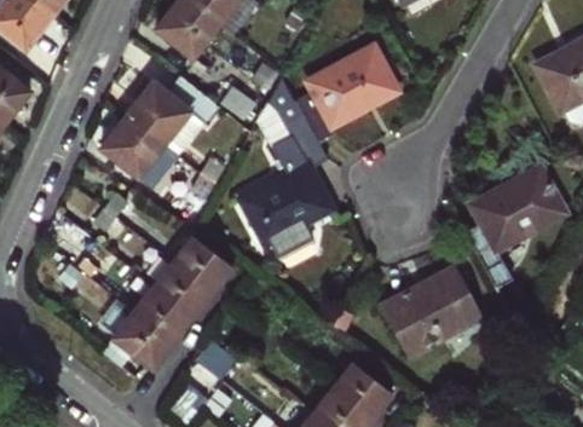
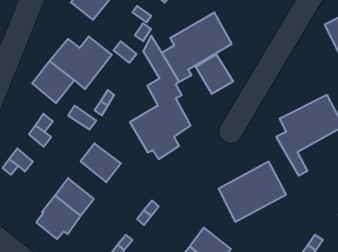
building: none -> [196,54,233,94]
building: [155,264,210,318] -> none

